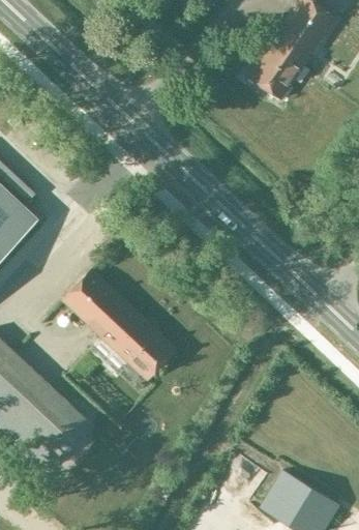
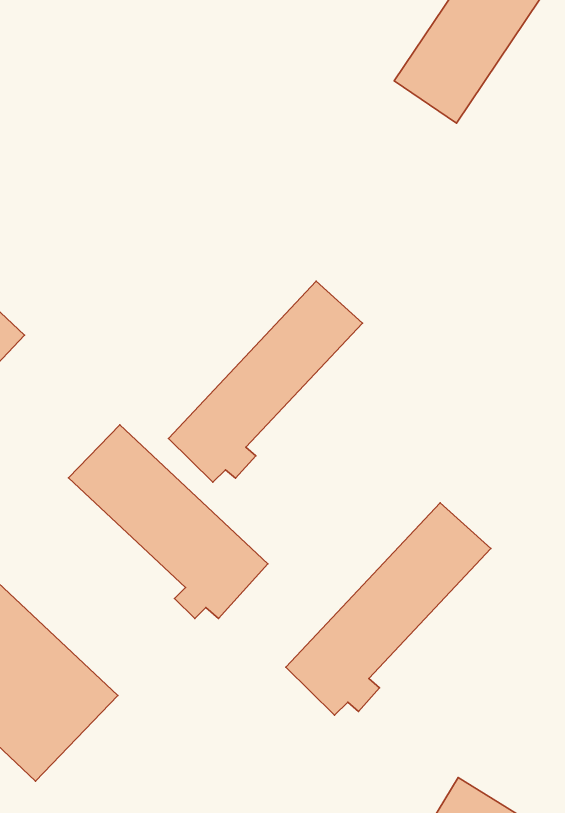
building: none -> [168,281,362,482]
building: none -> [286,503,491,715]

